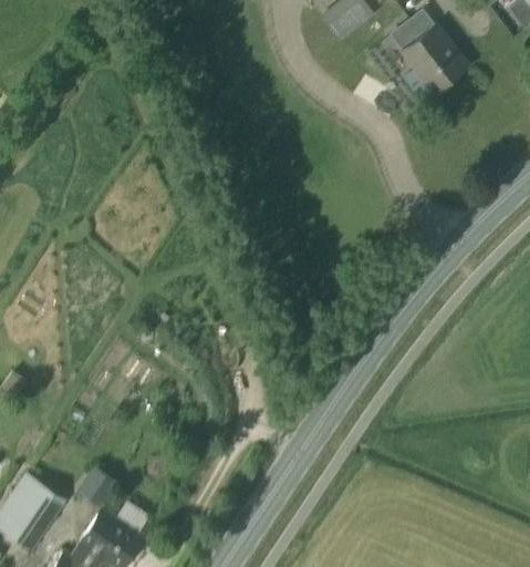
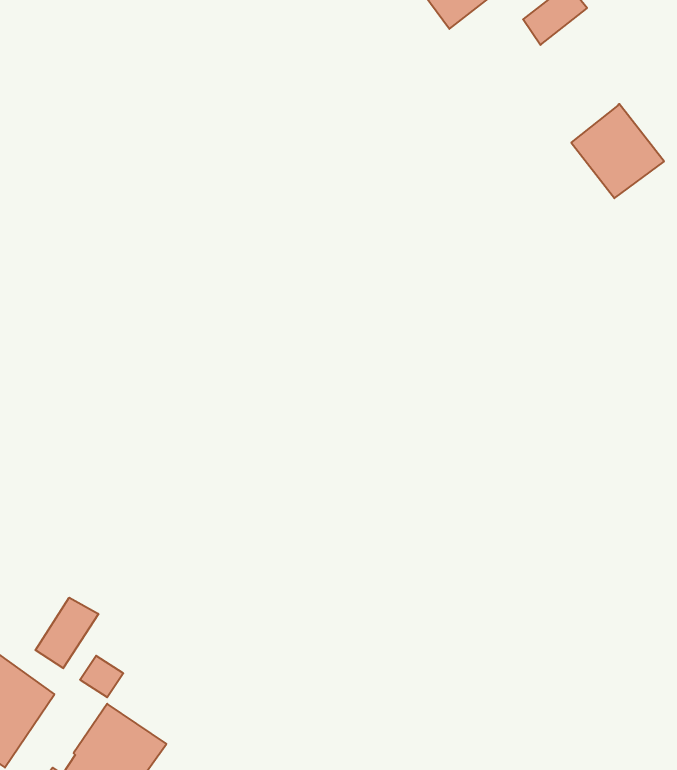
building: [402,27,466,92] -> [571,104,664,198]
building: none -> [35,598,98,668]

